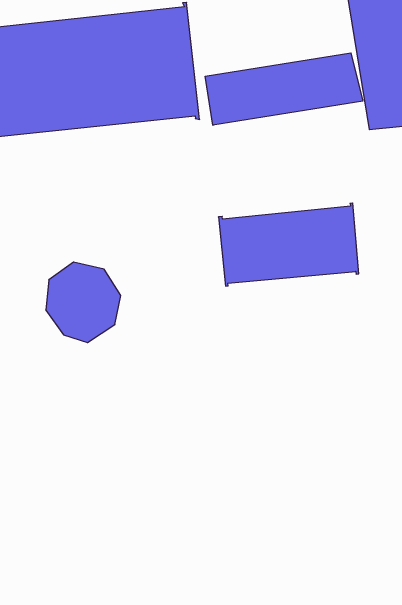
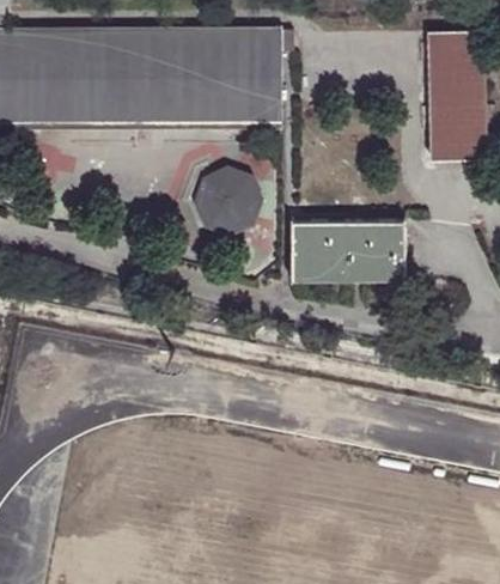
building: [205,53,363,125] -> none
building: [46,262,121,343] -> [196,160,264,233]

